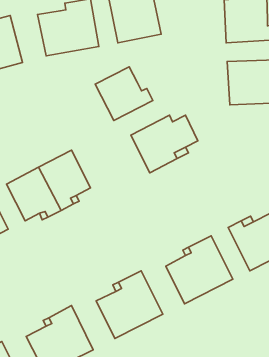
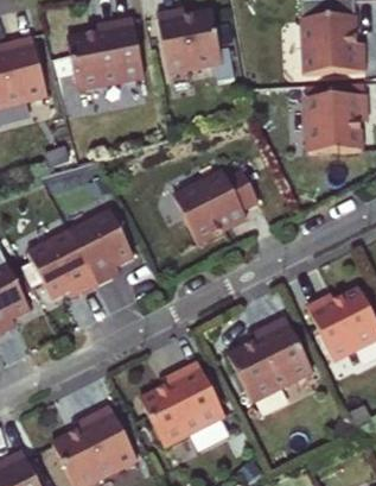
building: [95,67,153,121] -> none

